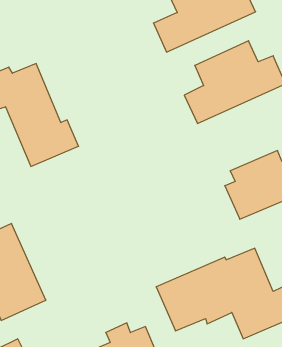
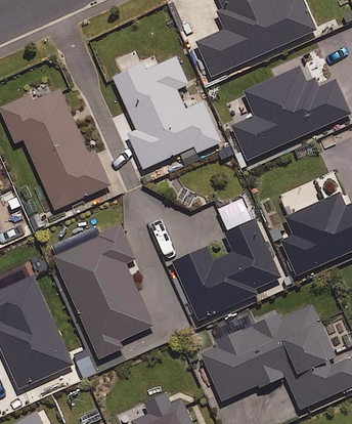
building: none -> [114,56,222,169]
building: none -> [171,219,283,319]
building: none -> [53,226,152,358]

